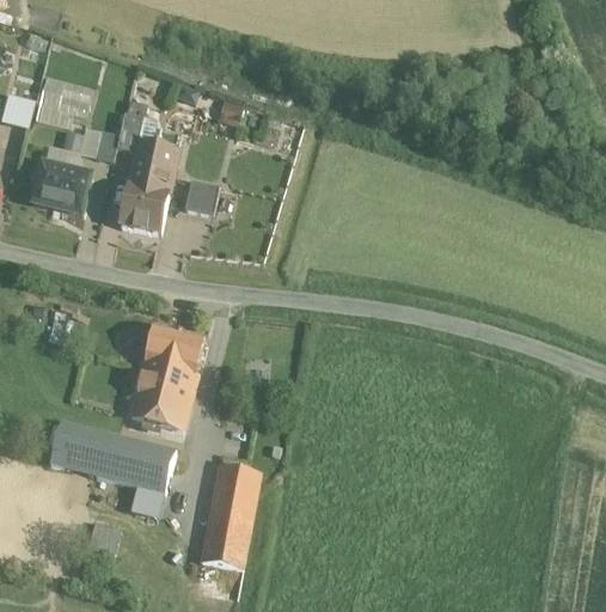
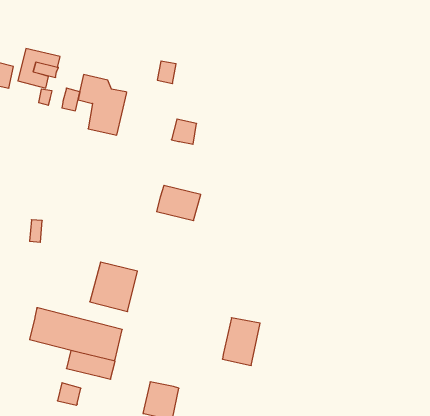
building: [31,160,88,212] -> none
building: [183,179,216,213] -> [171,119,197,144]
building: [118,183,166,232] -> none
building: [145,325,203,372] -> [157,185,201,221]
building: [210,463,261,526] -> [222,318,260,365]

